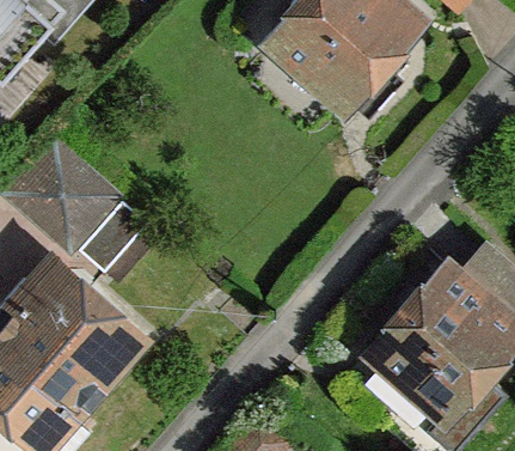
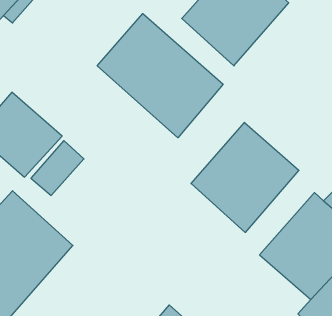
building: none -> [97,14,223,138]
building: none -> [191,122,299,232]

